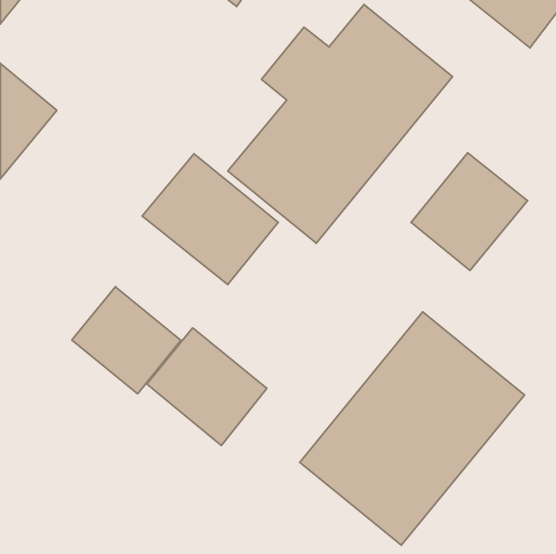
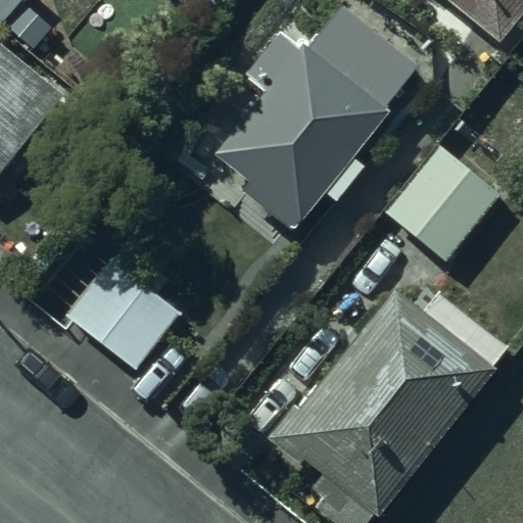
building: [142,154,278,285] -> none
building: [147,328,267,445] -> none

